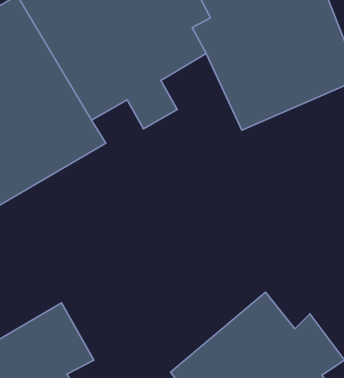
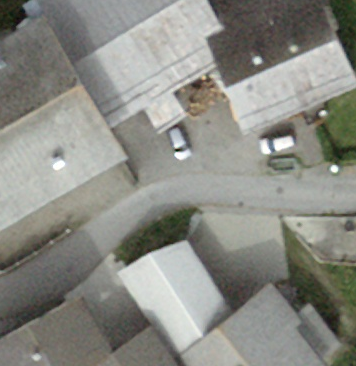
building: none -> [123,241,231,349]

